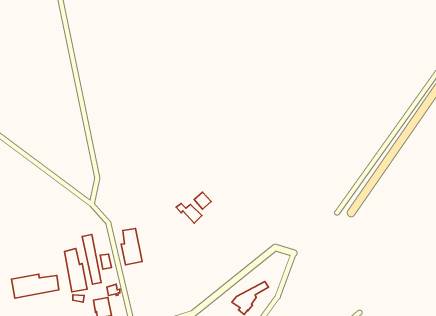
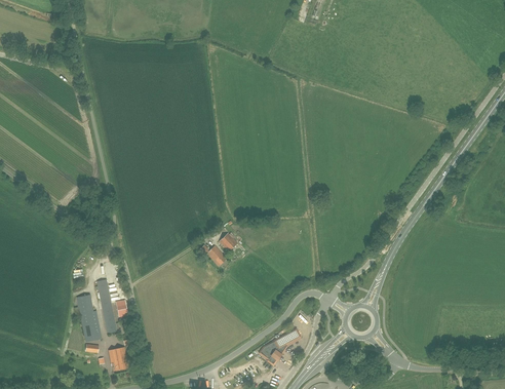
building: [121,228,142,265] -> none
building: [11,274,59,298] -> none

